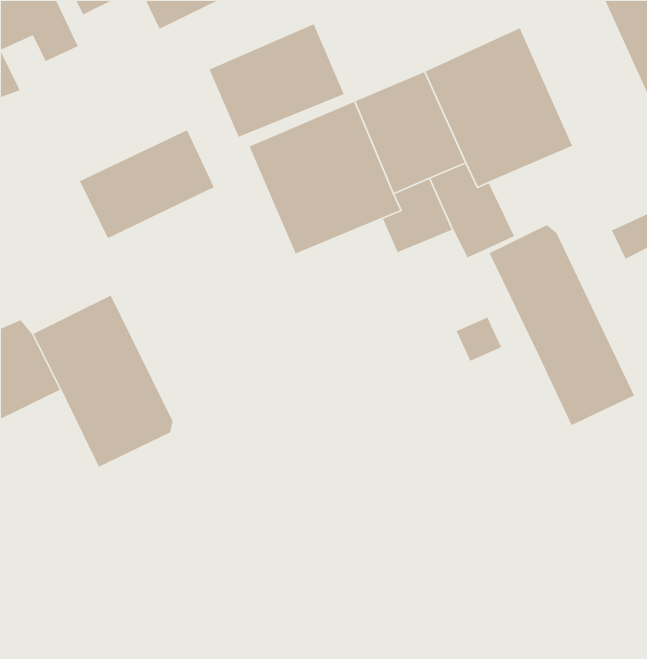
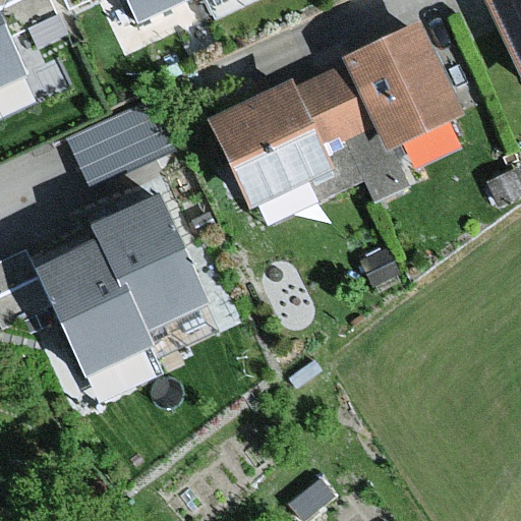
building: [209,23,345,138] -> none
building: [488,224,635,426] -> none
building: none -> [95,191,214,333]

